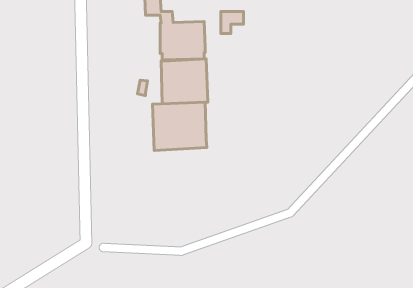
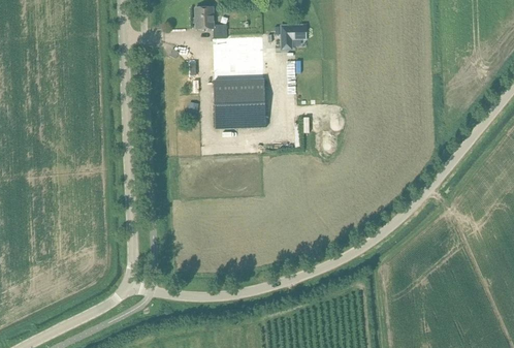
building: [152,102,207,150] -> none

